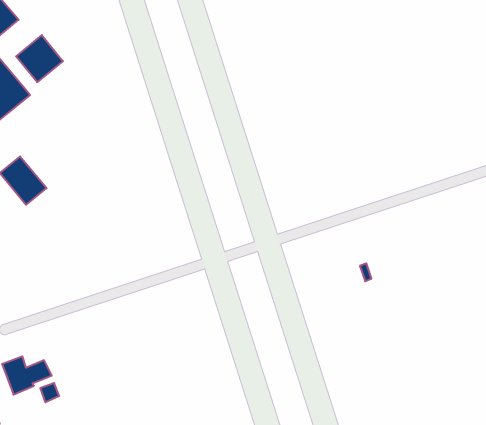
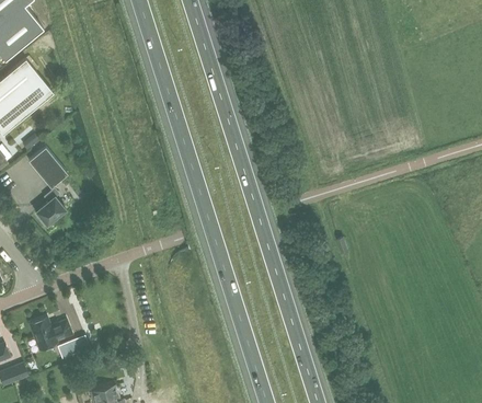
building: [16,35,63,82] -> none
building: none -> [36,189,65,226]

